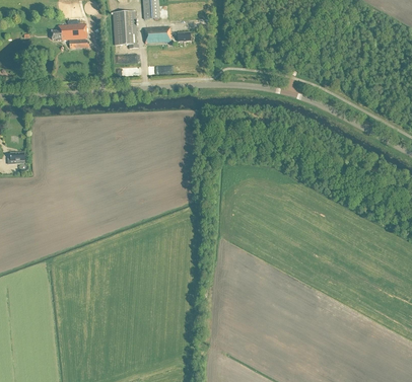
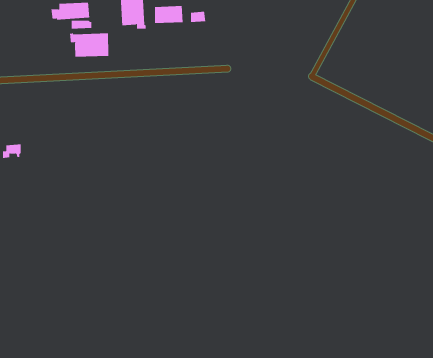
building: none -> [69,32,109,58]

